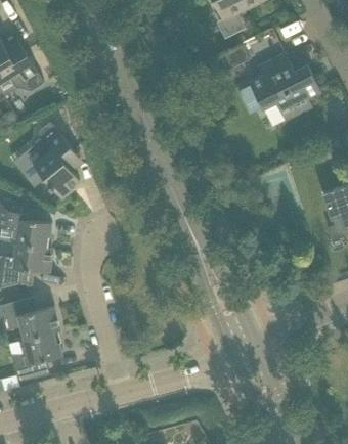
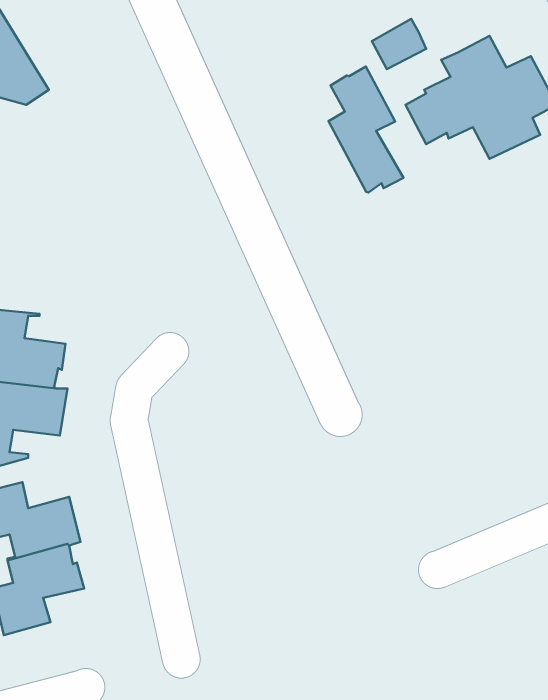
building: none -> [328,66,403,192]
building: [32,121,79,199] -> none

